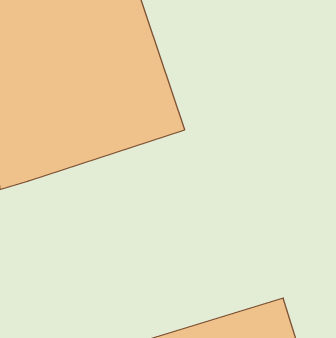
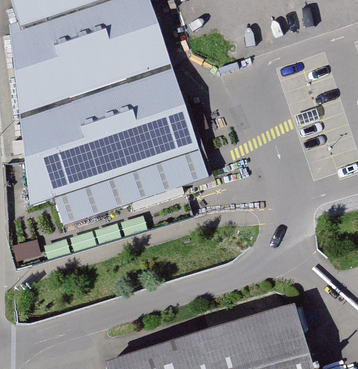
building: none -> [55,148,206,218]

